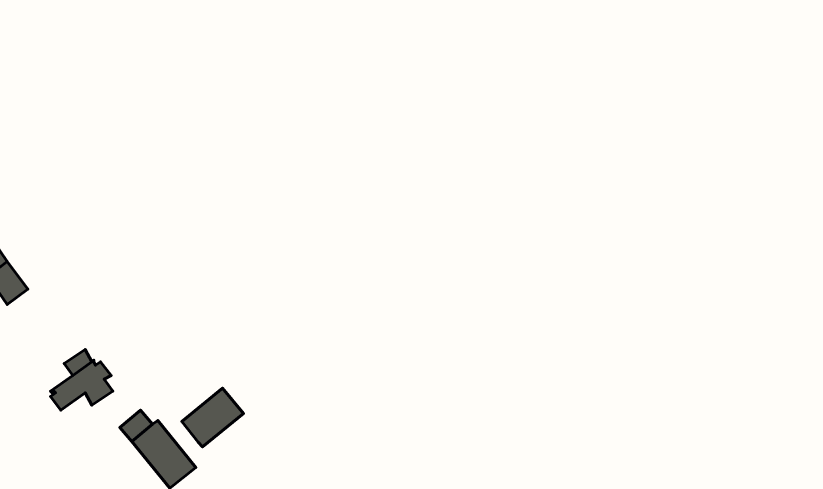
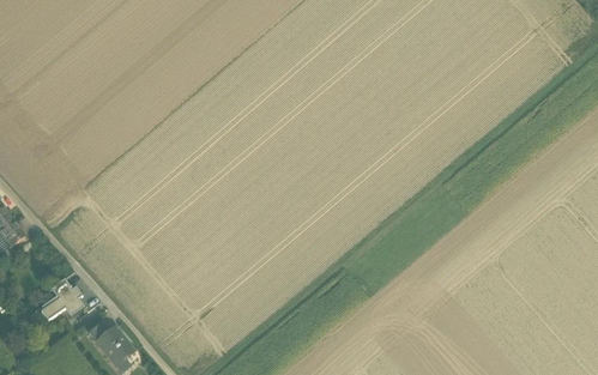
building: [182,388,243,447] -> none

